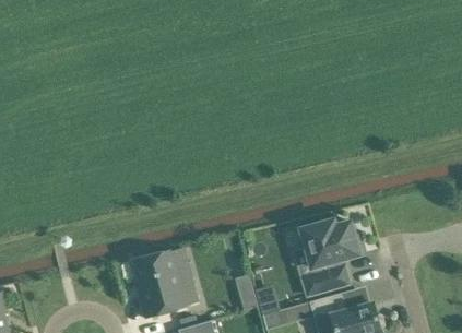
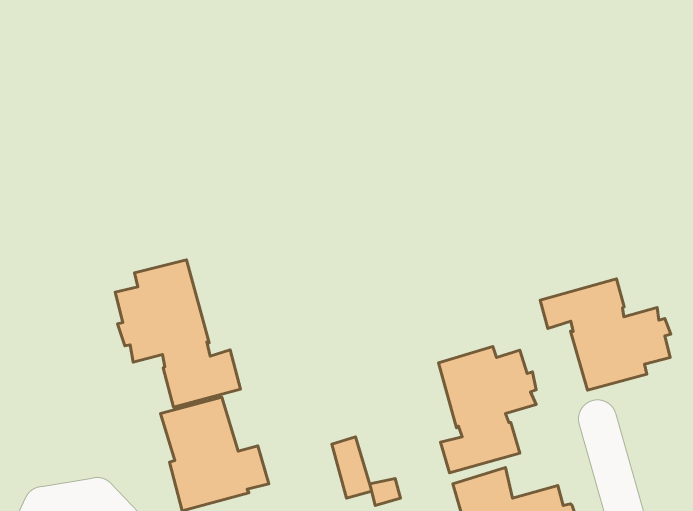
building: none -> [115,260,241,407]
building: none -> [540,279,671,390]

